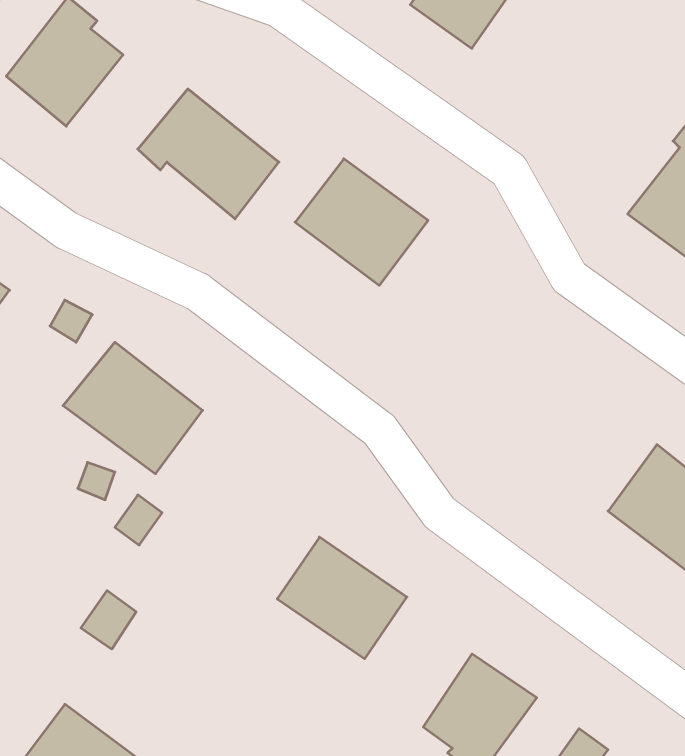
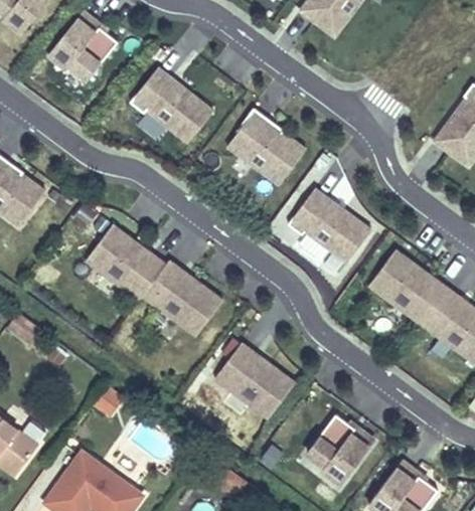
building: none -> [287,187,370,265]
building: none -> [366,246,450,327]
building: none -> [142,259,224,338]

